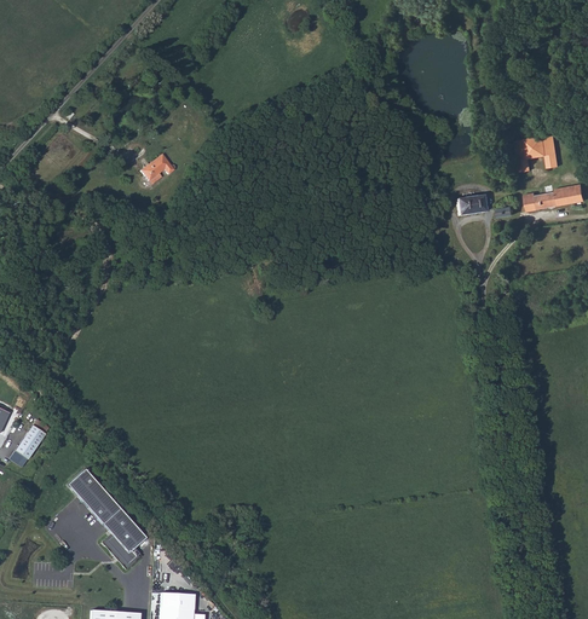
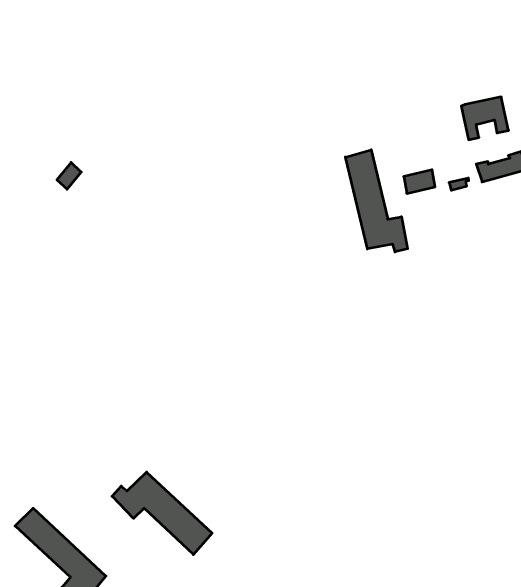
building: none -> [345,150,408,252]
building: none -> [112,472,212,555]

